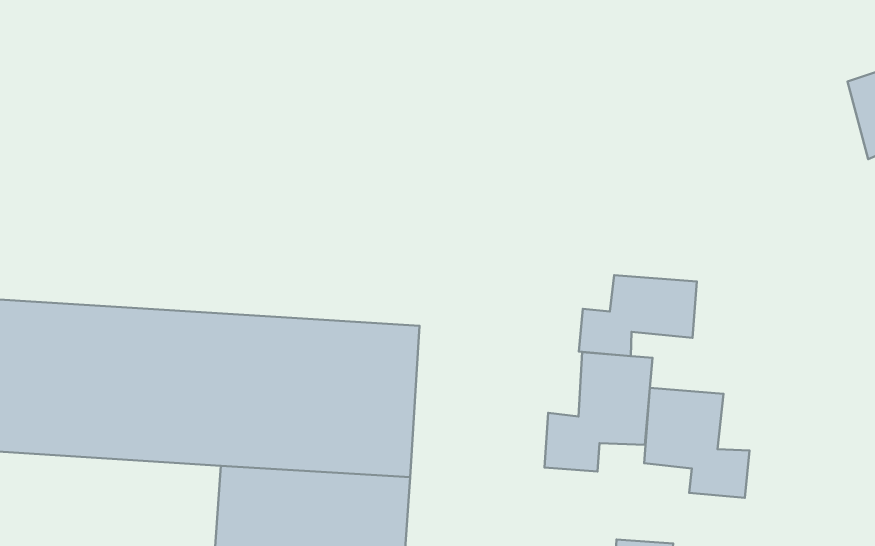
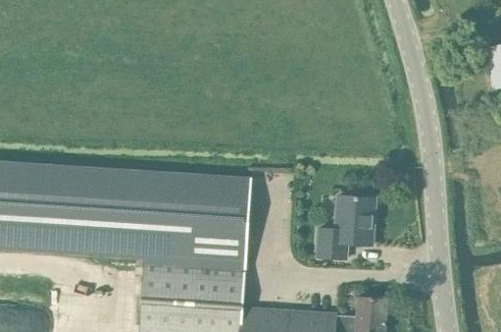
building: [579,275,697,356] -> none
building: [644,388,749,498] -> none

